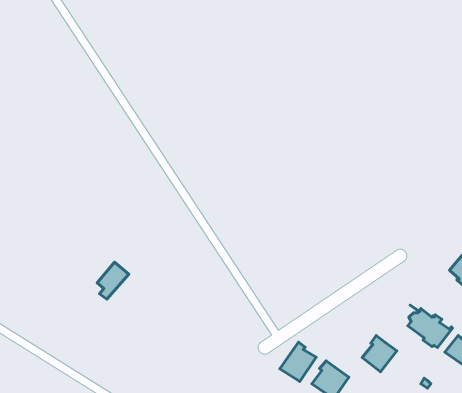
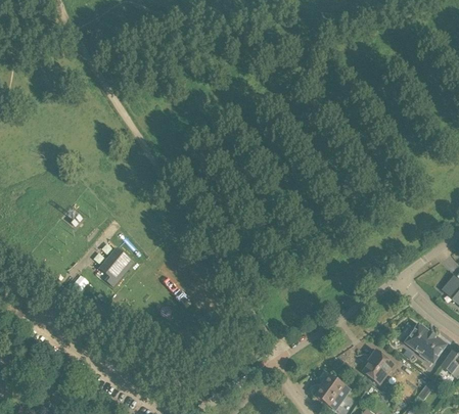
building: [97,262,129,299] -> [103,250,133,285]
building: [280,342,316,381] -> none

